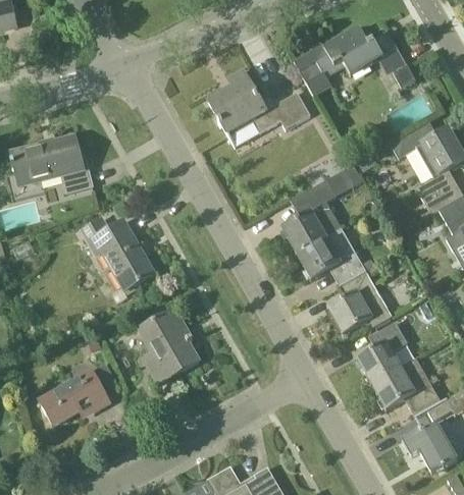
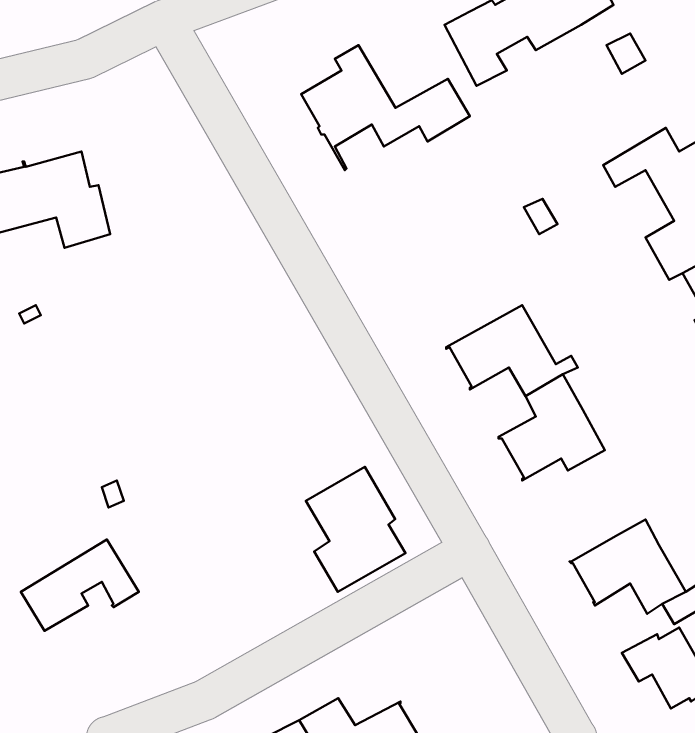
building: [281,177,342,254] -> none
building: [81,217,154,291] -> none
building: [139,308,199,383] -> [306,467,405,592]
building: [356,321,407,383] -> none

